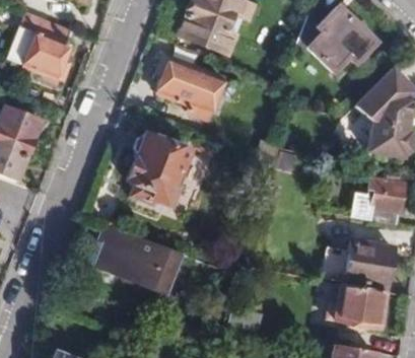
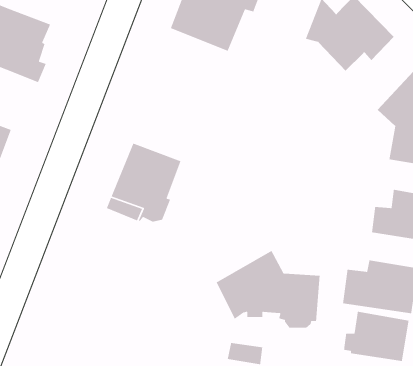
building: [155,59,226,121] -> none
building: [90,225,180,294] -> none
building: none -> [215,250,321,329]

